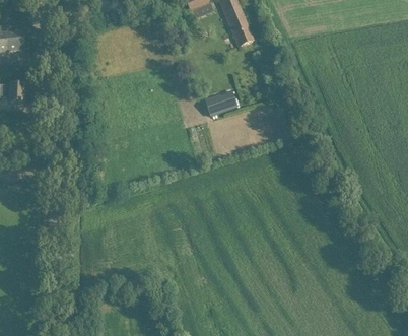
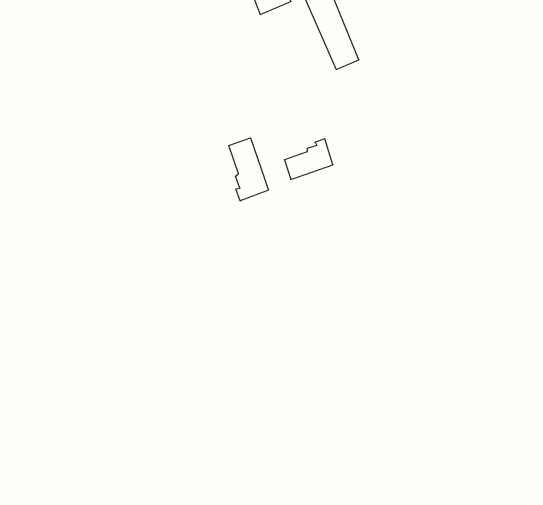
building: none -> [229,138,269,201]

